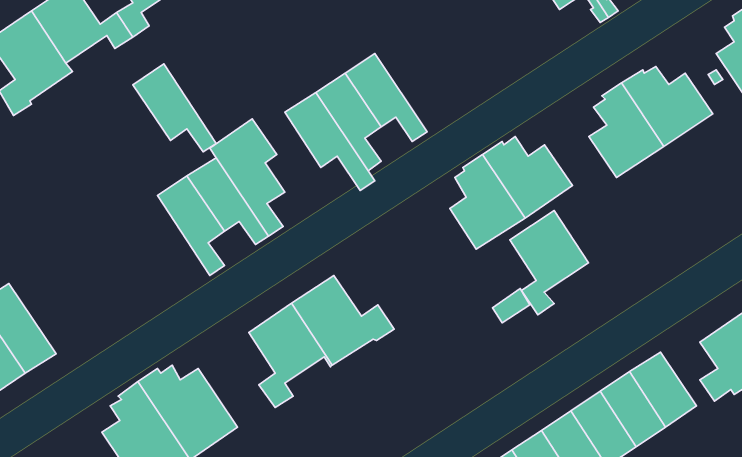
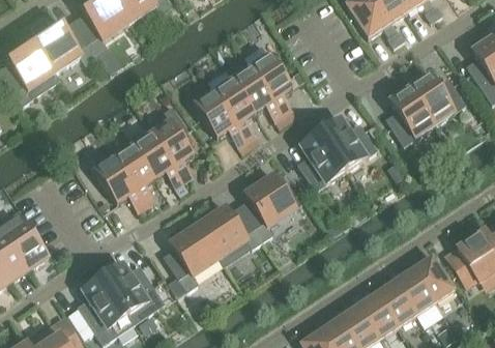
building: none -> [251,52,304,120]
building: [133,64,216,152] -> [93,155,146,211]
building: [510,210,588,315] -> [245,174,295,240]

